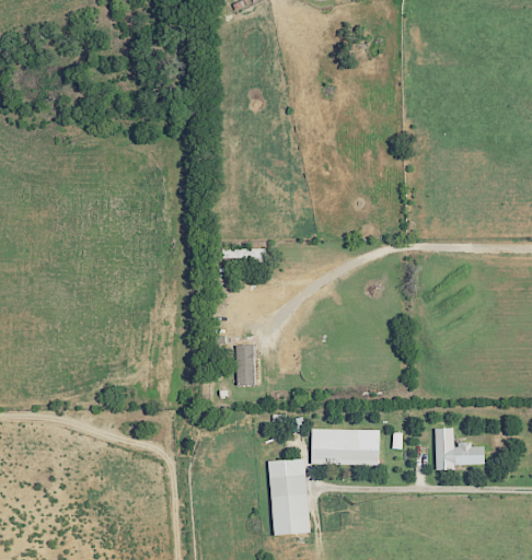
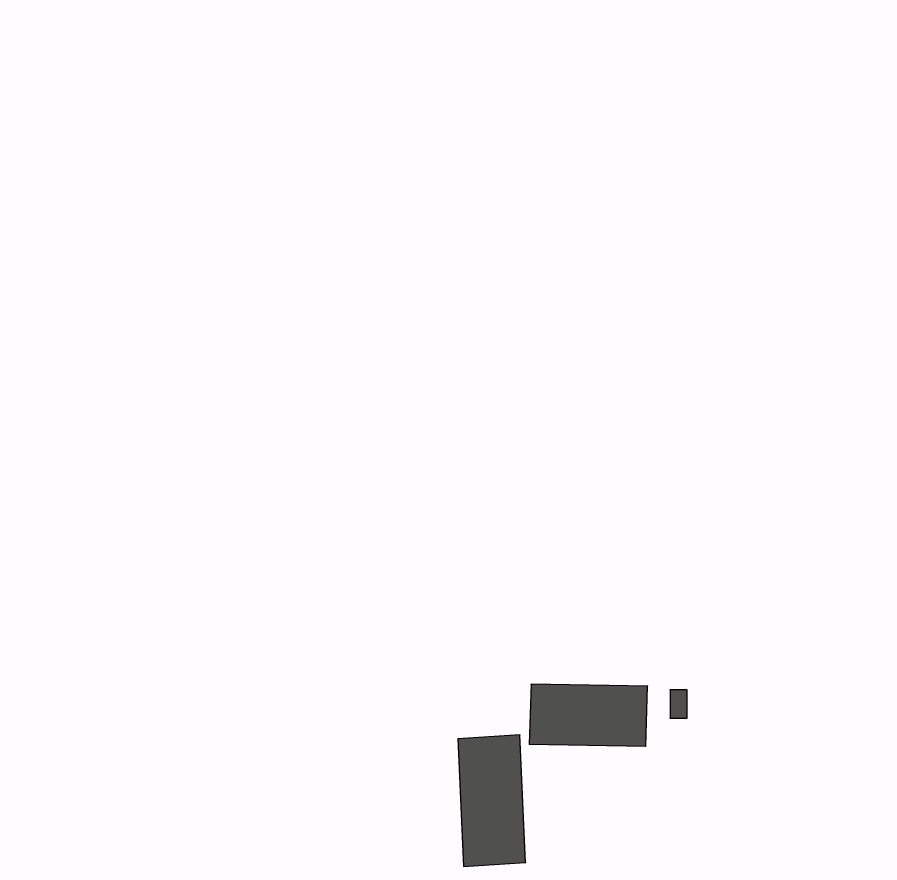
building: [236,345,254,385] -> none
building: [433,428,484,467] -> none

